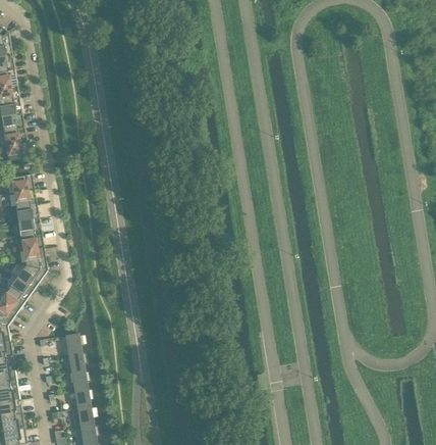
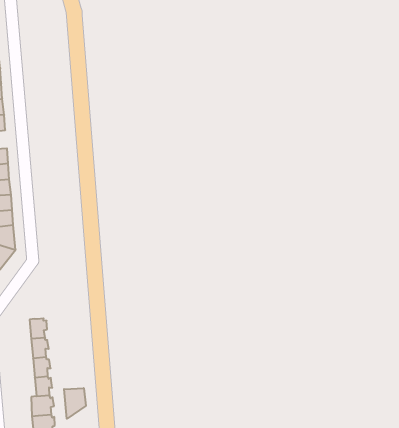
building: none -> [64,388,86,419]

